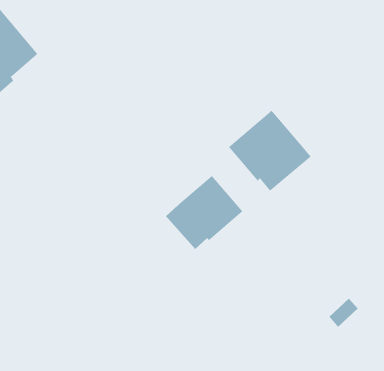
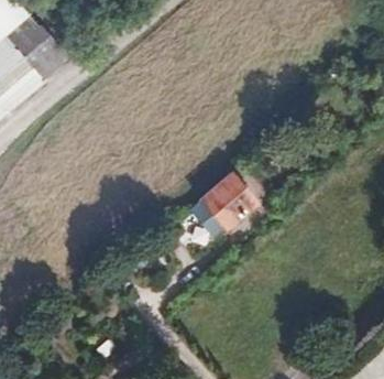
building: [228,110,311,191] -> none

